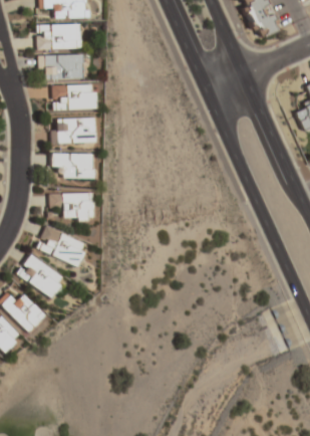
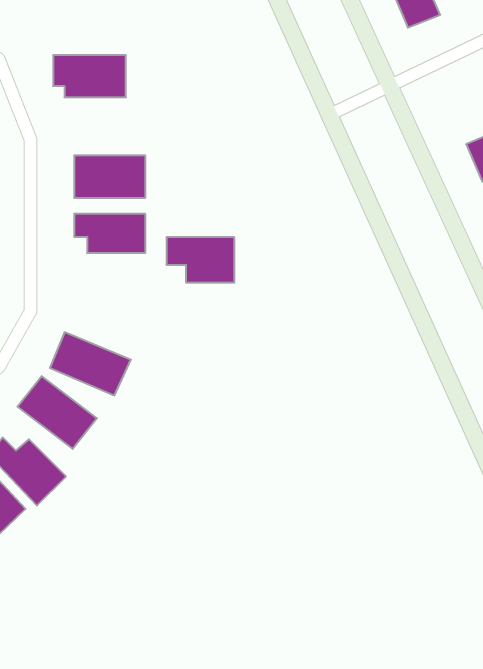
building: [37,23,81,49] -> none
building: [52,83,96,110] -> none
building: [50,191,92,219] -> [166,237,234,283]

